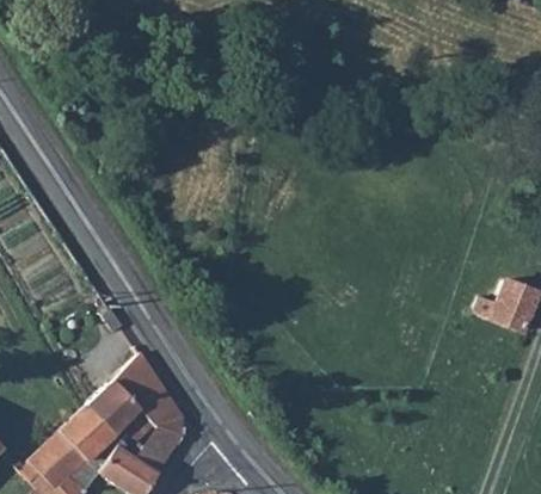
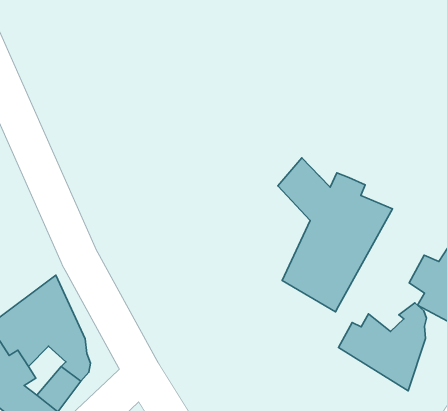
building: none -> [278,158,392,312]
building: none -> [338,303,427,391]

